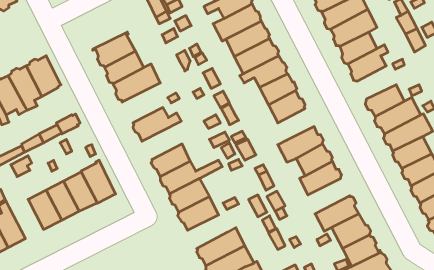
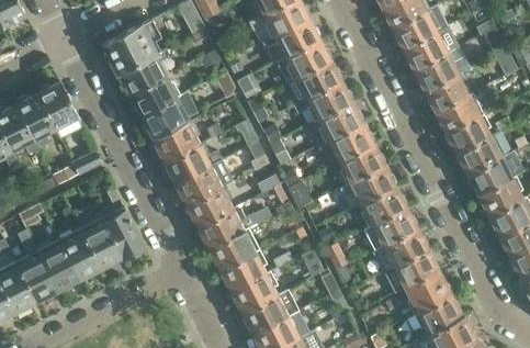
building: none -> [101,19,161,72]
building: none -> [435,92,482,133]
building: none -> [154,120,201,161]
building: none -> [339,144,383,182]
building: none -> [176,159,235,205]
building: none -> [372,228,427,271]
building: none -> [16,231,57,301]
building: none -> [230,272,300,313]

